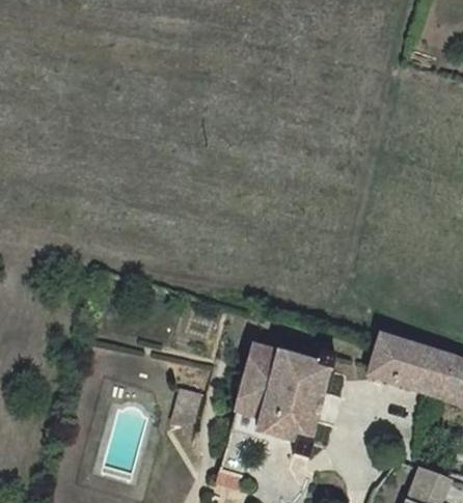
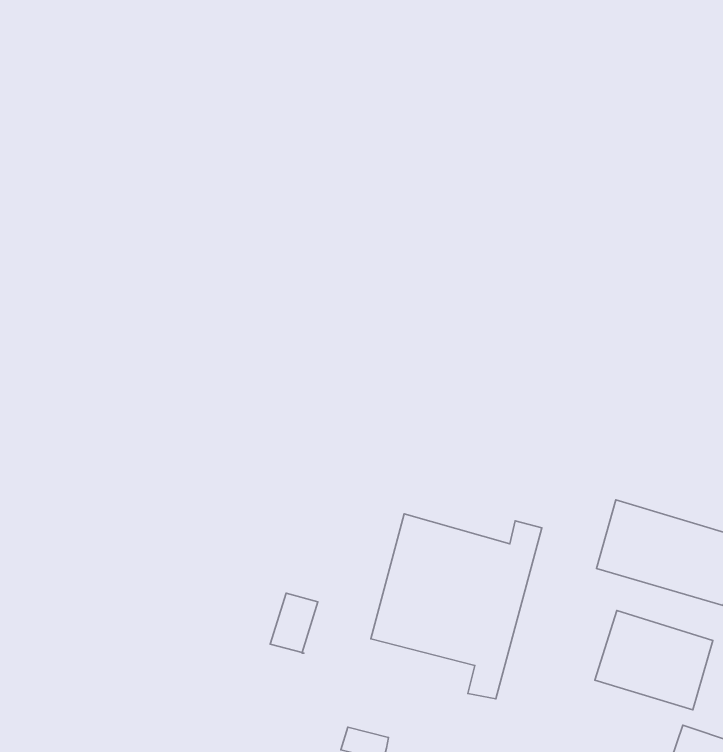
building: none -> [595,610,713,710]

